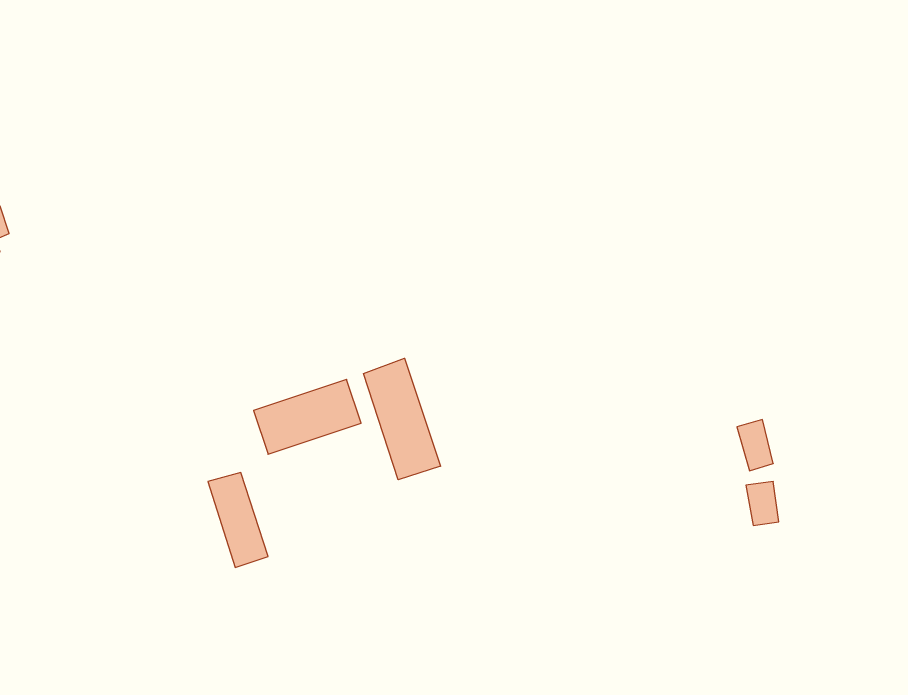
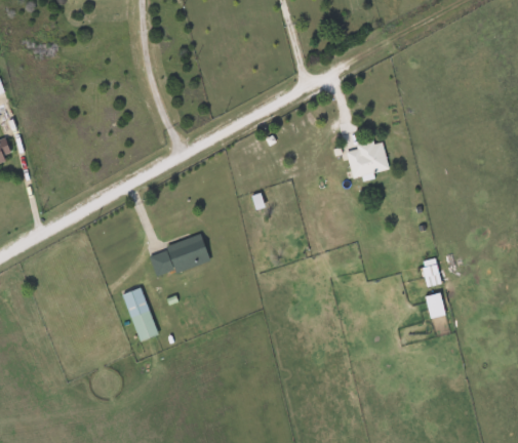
building: none -> [347,144,389,176]
building: [364,358,441,480] -> none

